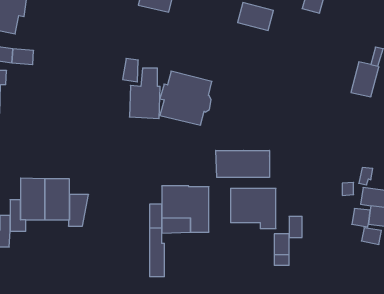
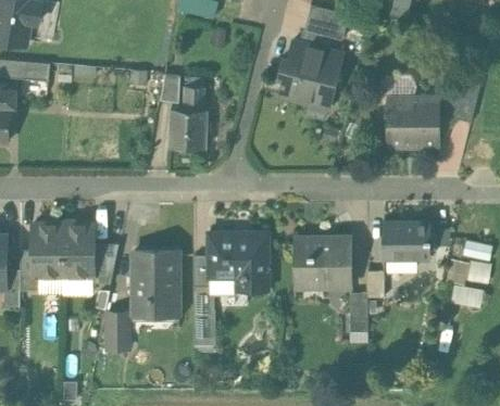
building: [160,71,212,125] -> [277,41,342,109]
building: none -> [387,98,439,148]
building: [216,150,269,177] -> none
building: none -> [383,221,429,258]
building: none -> [133,252,178,313]
building: none -> [107,313,128,350]

